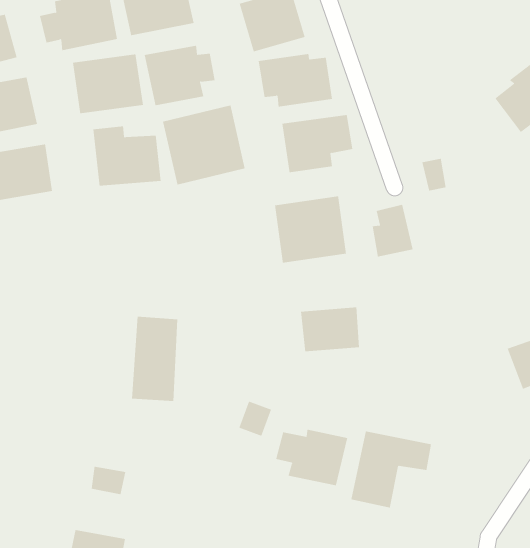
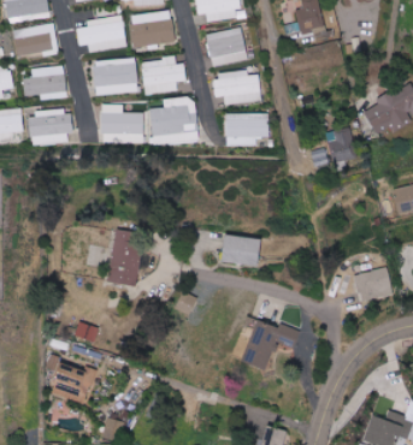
building: [274,196,347,264] -> none
building: [372,204,413,257] -> [329,129,354,161]
building: [276,429,348,486] -> none

